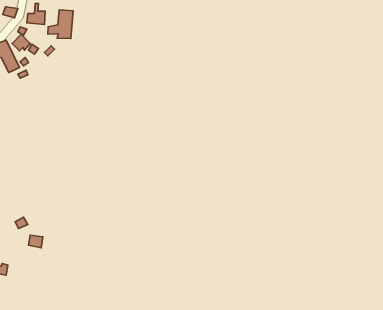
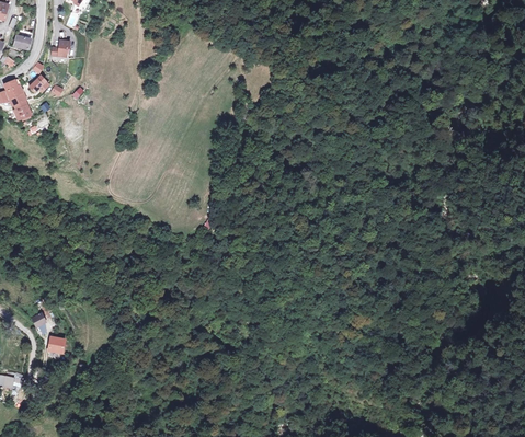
building: [48,10,73,39] -> none

